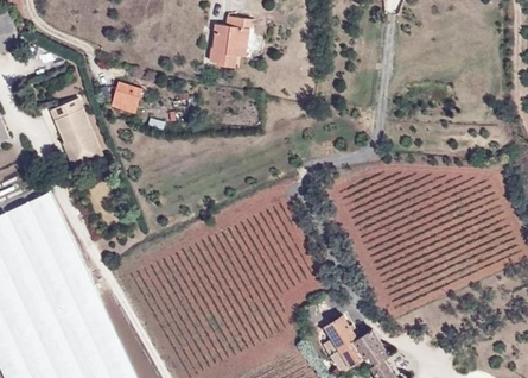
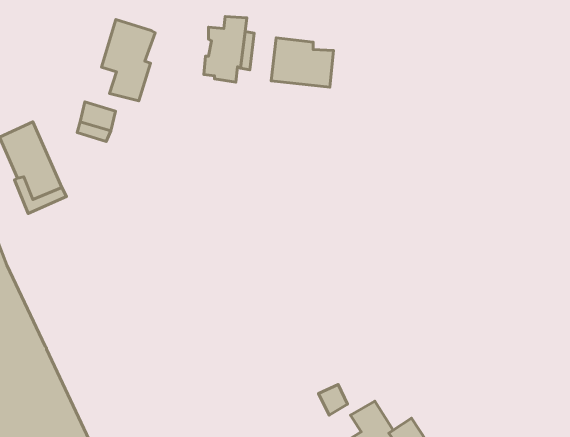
building: none -> [102,20,155,101]
building: none -> [271,38,333,87]

